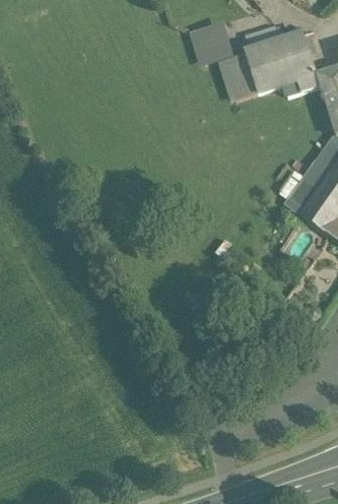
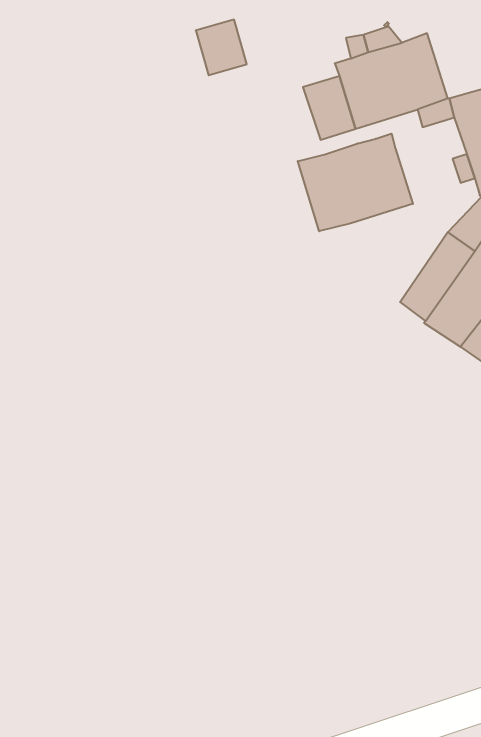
building: [196,21,228,57] -> [196,20,247,75]
building: none -> [298,134,413,231]

